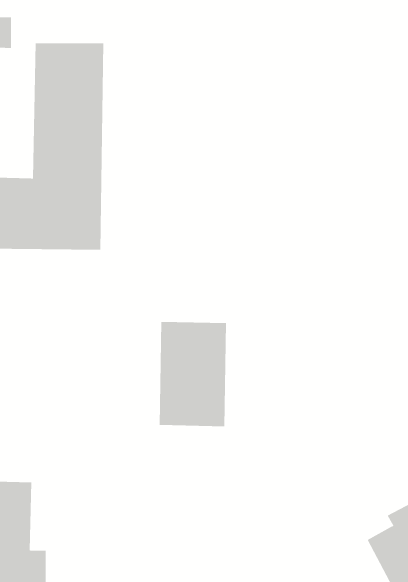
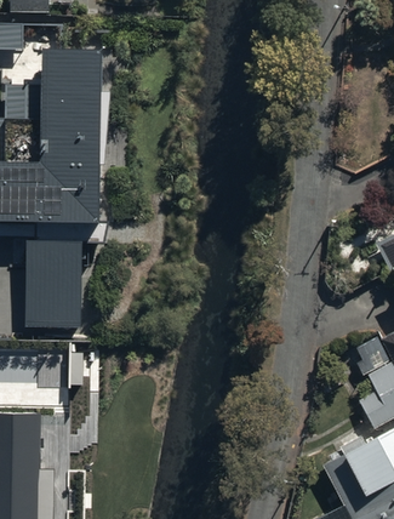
building: [159,321,227,427] -> [27,241,84,330]

